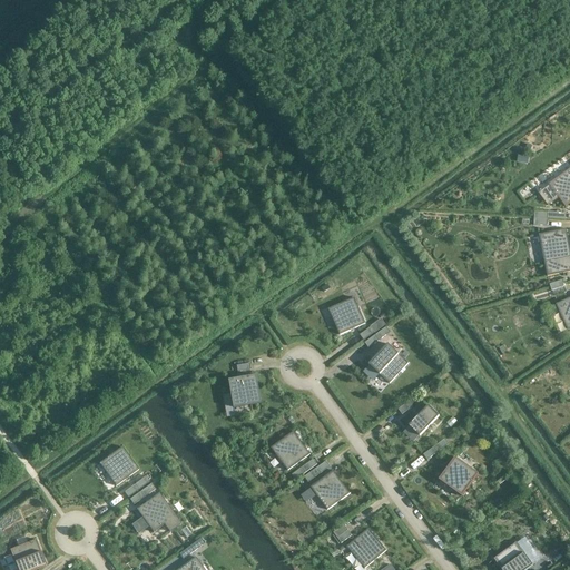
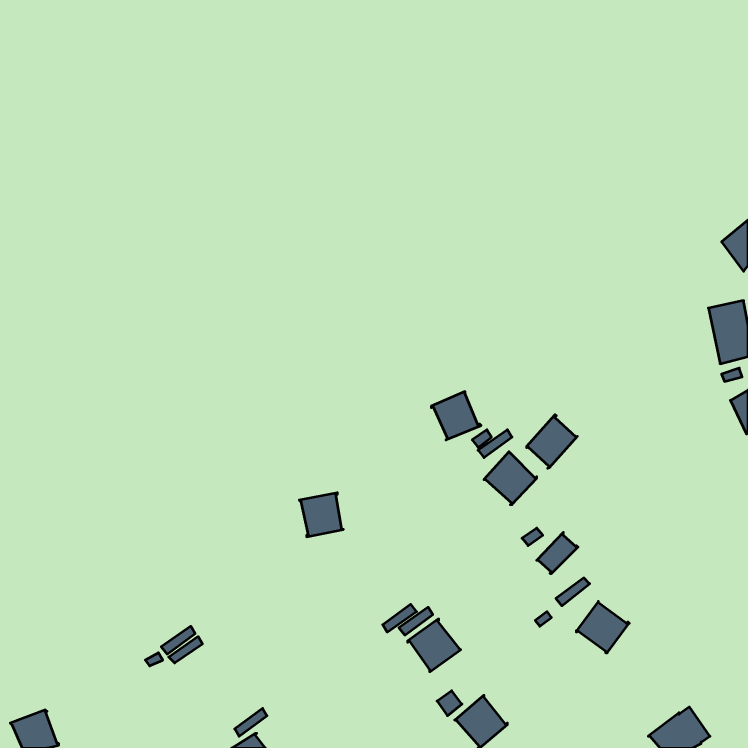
building: none -> [527,415,577,468]
building: [269,431,309,470] -> none
building: [98,445,138,485] -> none
building: [135,492,175,532] -> none

